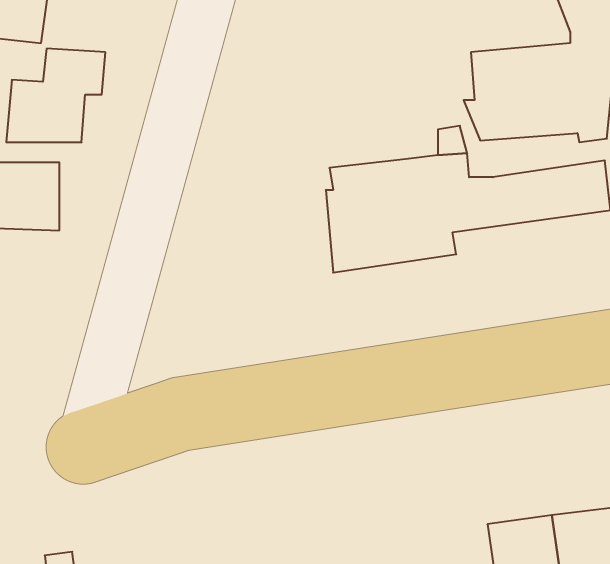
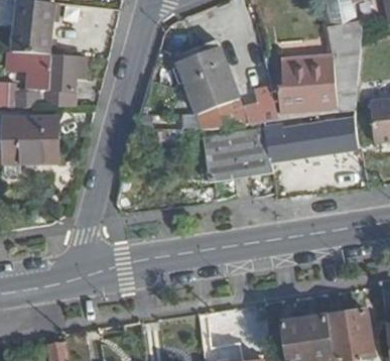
building: none -> [194,43,247,125]

